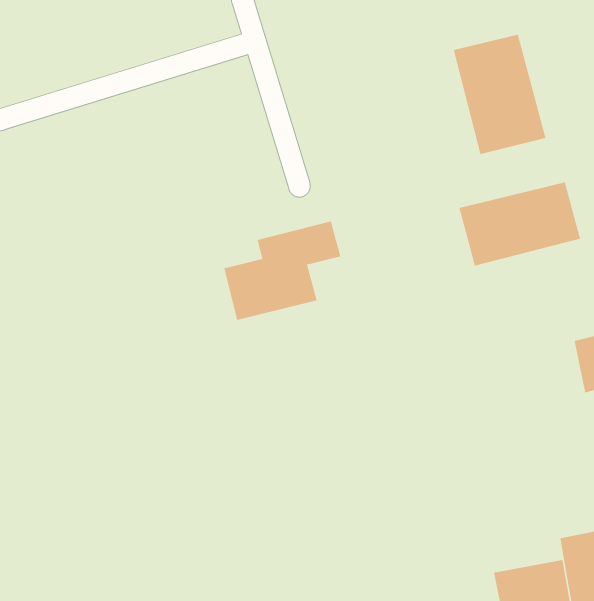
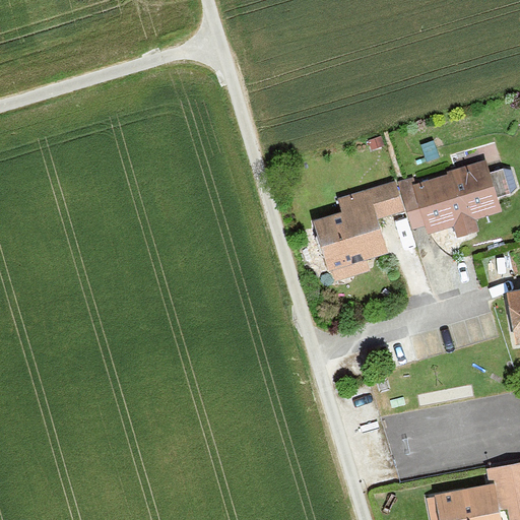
building: [453,34,546,155] -> none
building: [224,221,341,321] -> [311,183,411,268]

